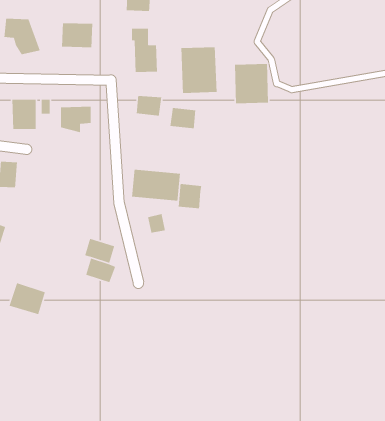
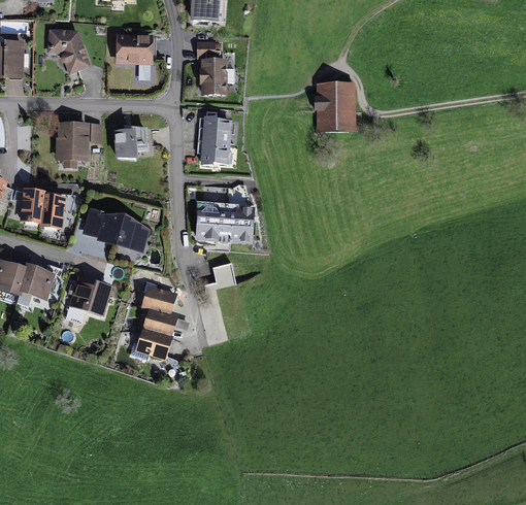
building: [180,46,217,94] -> none
building: [170,107,196,129] -> [198,140,229,166]
building: none -> [84,211,149,250]
building: [178,183,202,209] -> none
building: none -> [135,328,171,358]
building: [9,282,46,315] -> [68,275,111,313]

